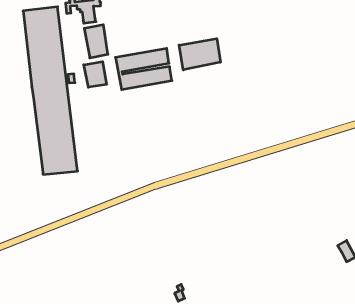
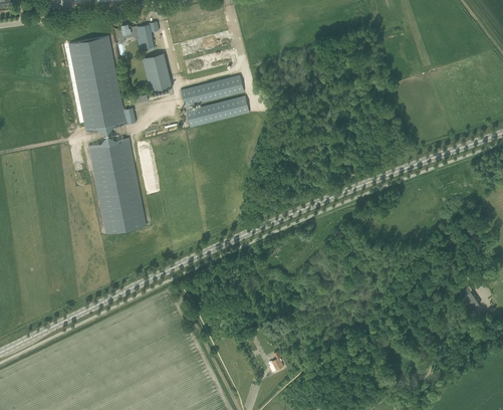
building: [179,39,220,70] -> none
building: [84,62,107,87] -> none

